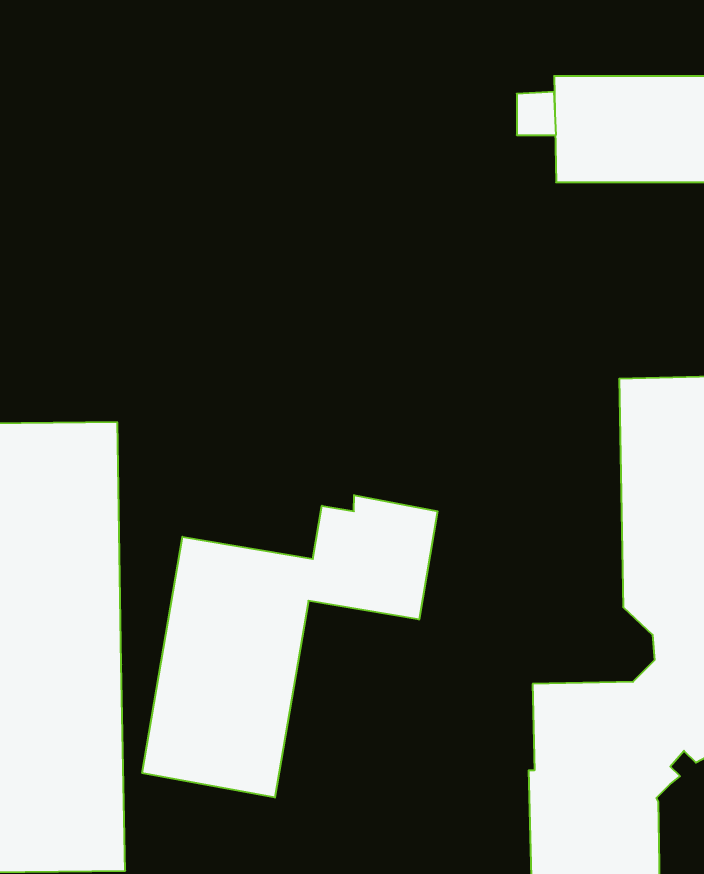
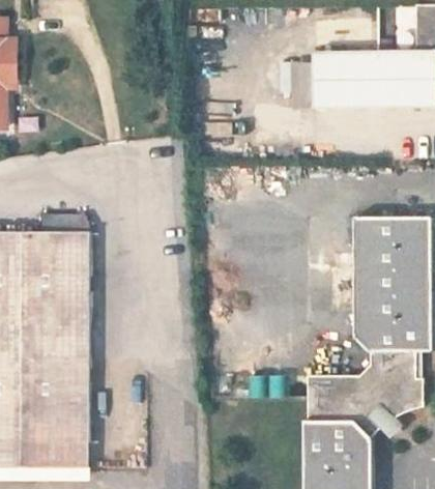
building: [142,495,438,798] -> none

